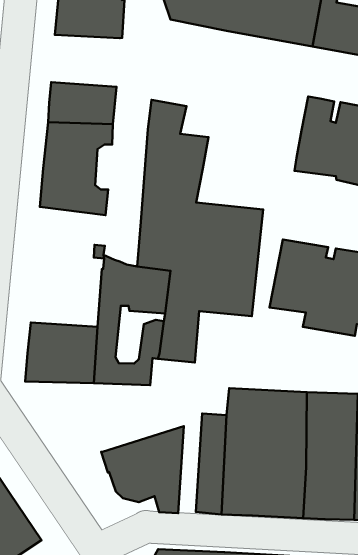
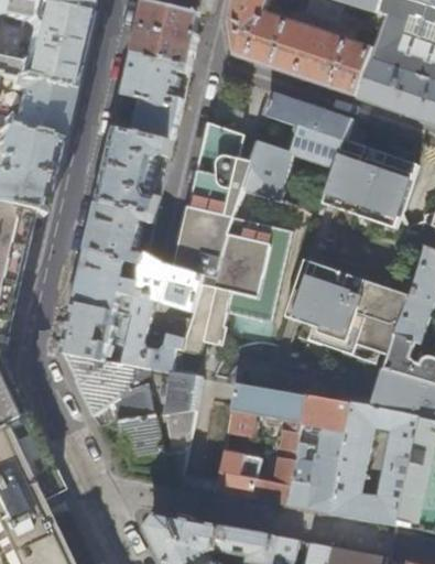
building: none -> [122,54,187,107]
building: none -> [243,93,350,214]
building: none -> [88,202,153,252]
building: none -> [75,251,143,313]
building: none -> [63,351,202,422]

